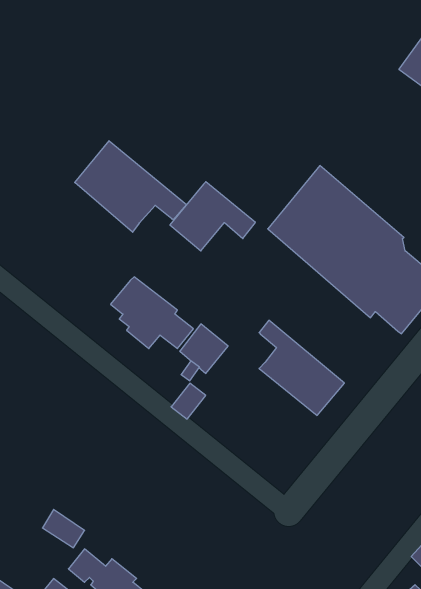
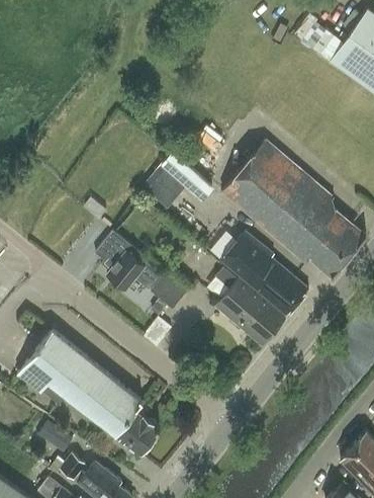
building: [75,141,186,232] -> none
building: none -> [221,232,309,315]
building: none -> [16,330,159,454]

